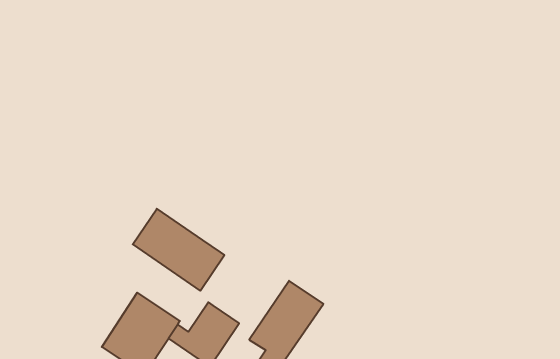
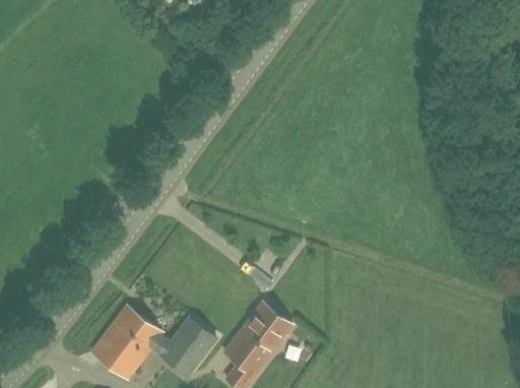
building: [133,209,224,291] -> none

